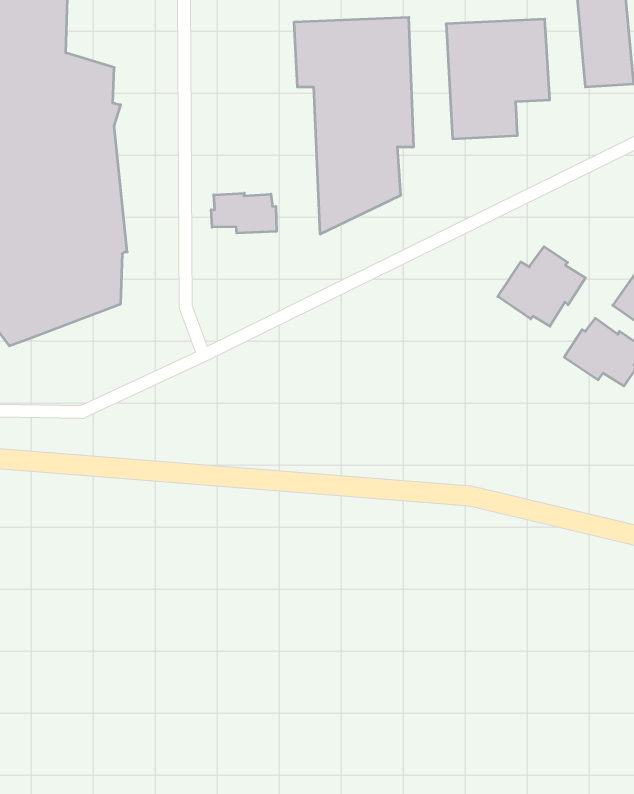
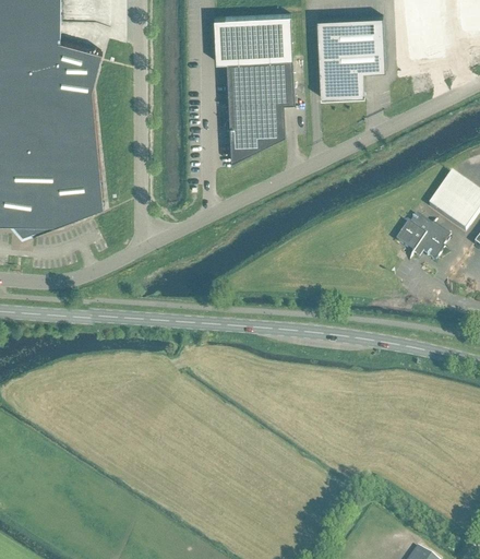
building: [211,193,276,233] -> none
building: [498,247,585,326] -> none

